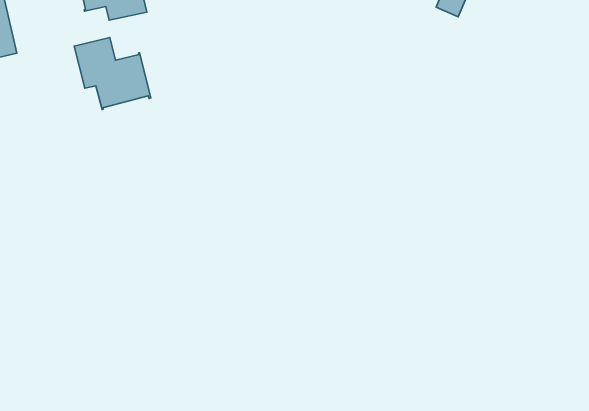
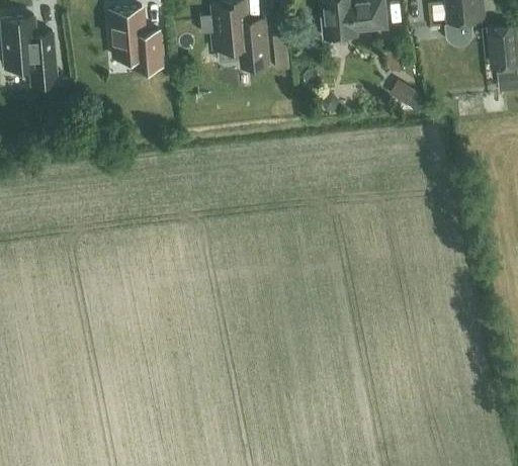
building: [74,38,151,110] -> none

